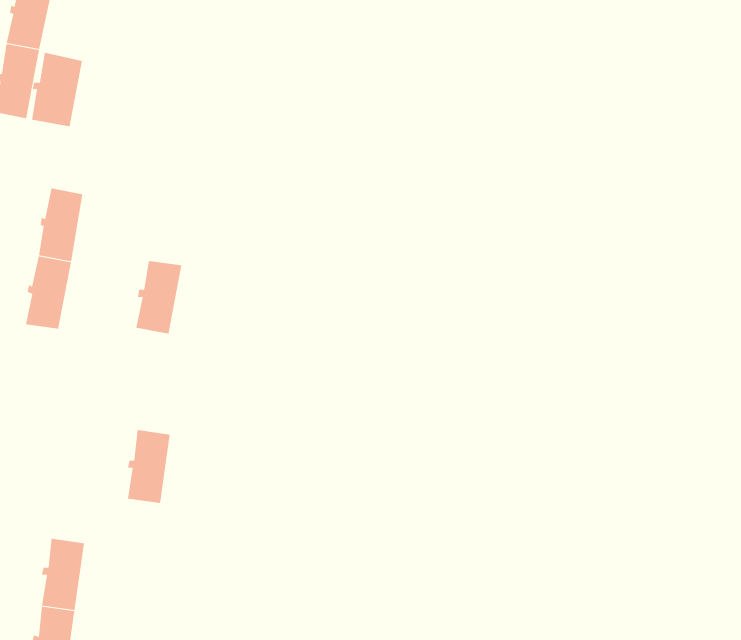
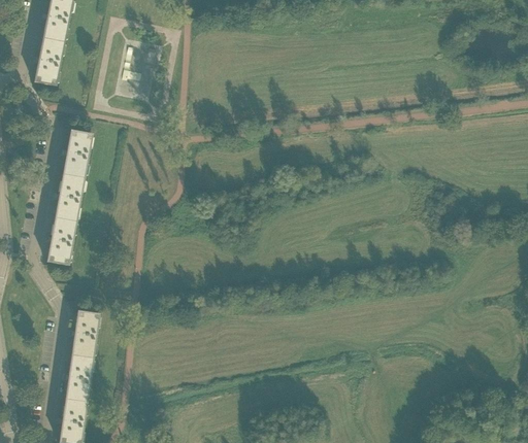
building: [31,52,82,127] -> none
building: [135,260,182,334] -> [47,216,77,264]
building: [127,430,170,504] -> [72,309,100,356]

